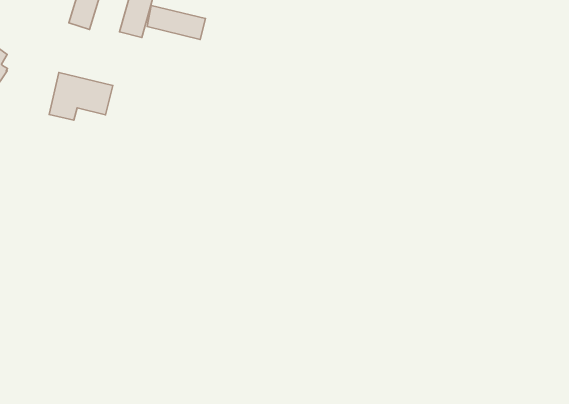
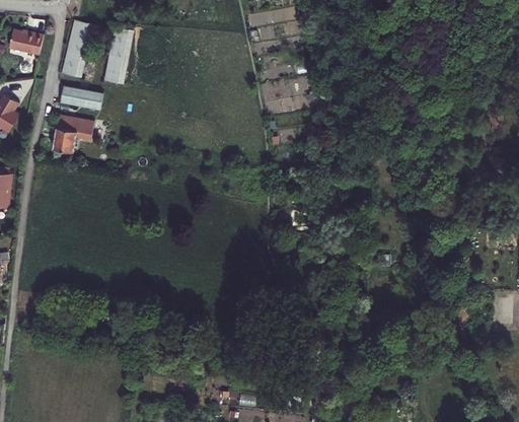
building: [147,5,205,39] -> [62,83,108,108]

